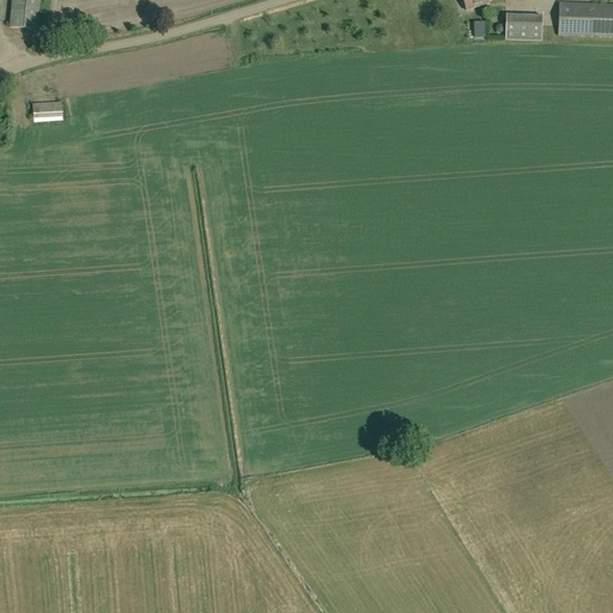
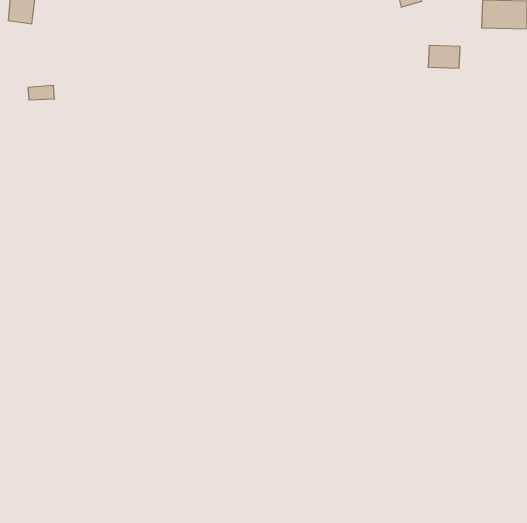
building: [505,12,542,38] -> [428,46,460,68]

